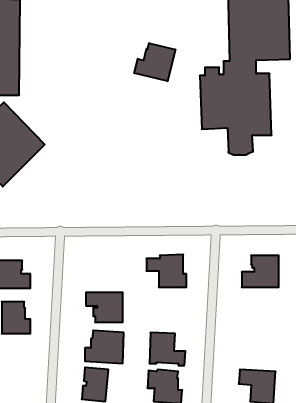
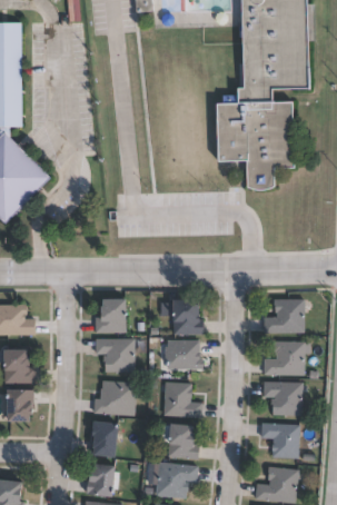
building: [134,43,175,81] -> none
building: none -> [95,298,126,333]
building: none -> [158,340,204,368]
building: none -> [264,341,305,376]
building: none -> [264,382,303,416]
building: none -> [7,389,33,420]

